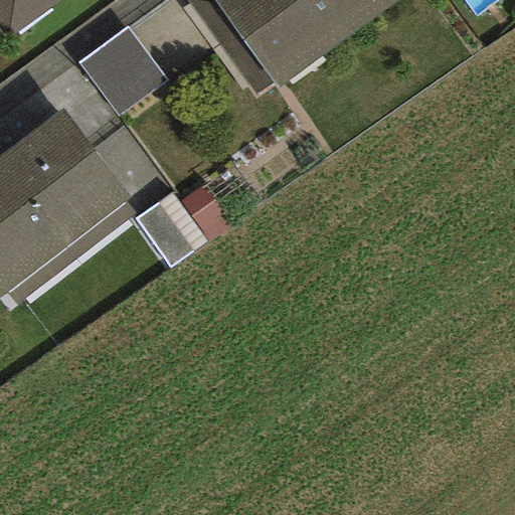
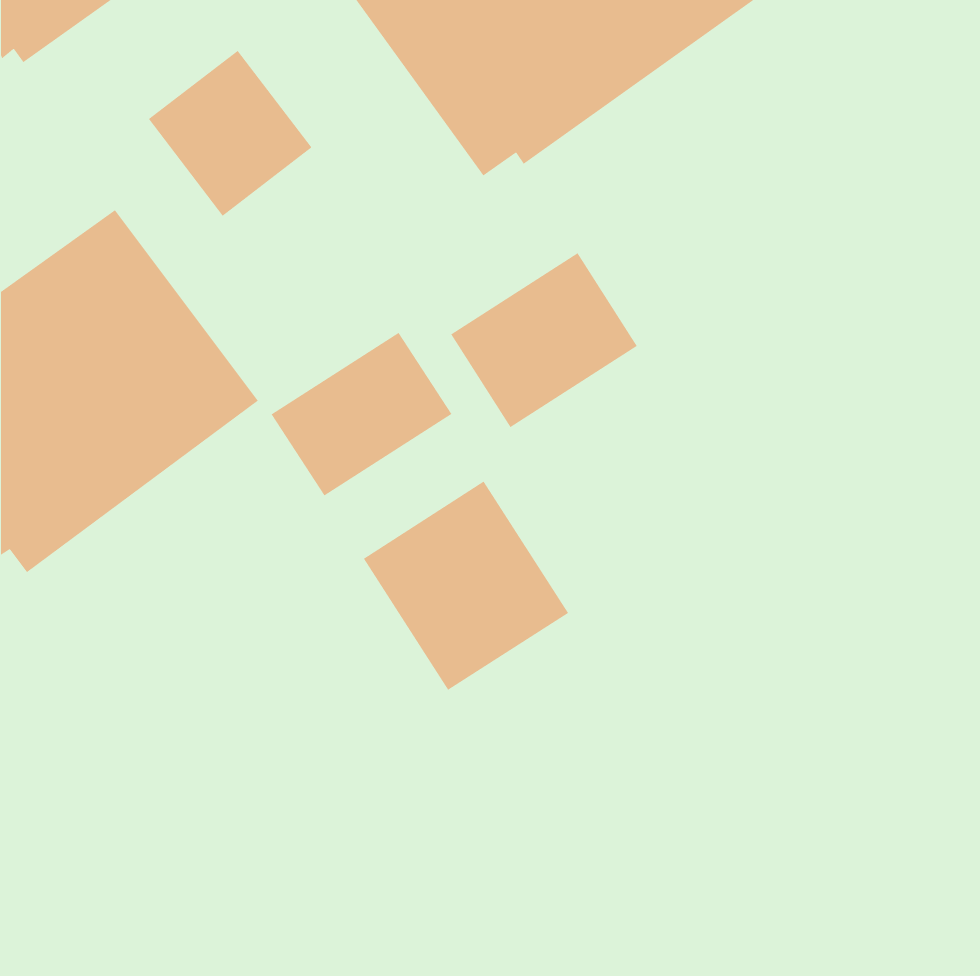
building: none -> [450,252,638,428]
building: none -> [363,481,569,691]

